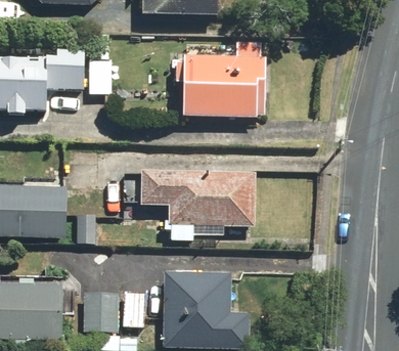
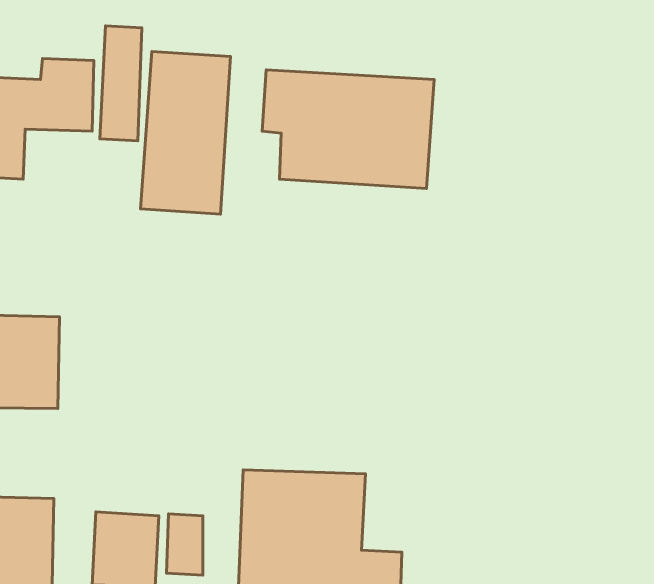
building: none -> [140,51,230,214]
building: [139,168,255,240] -> none

